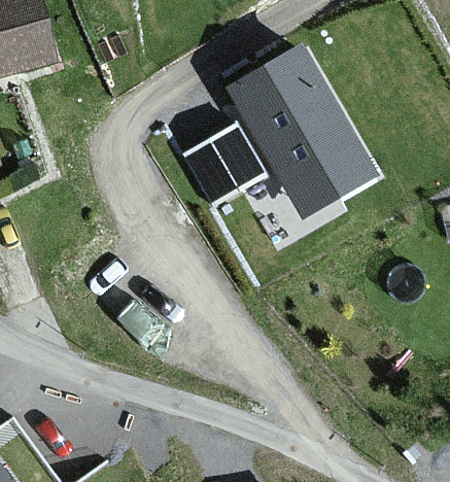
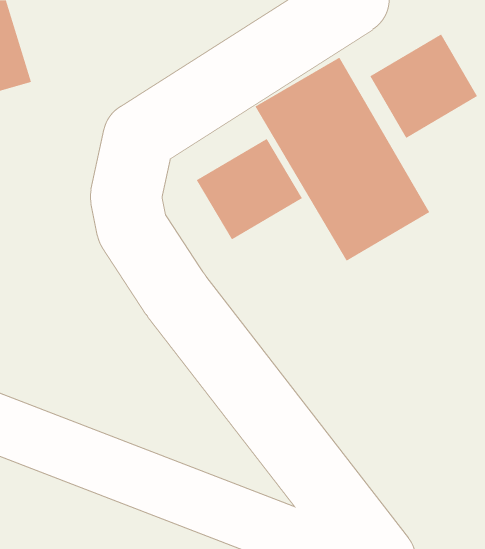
building: none -> [369,34,478,139]

